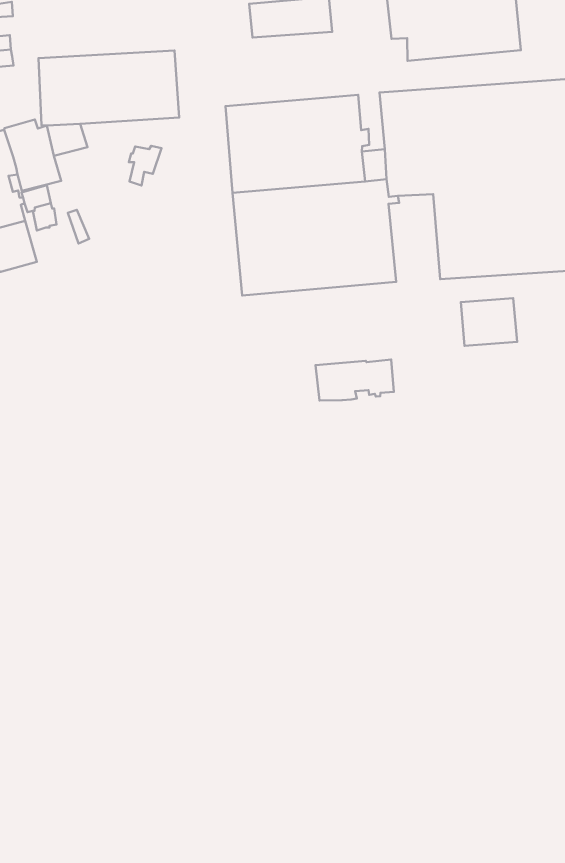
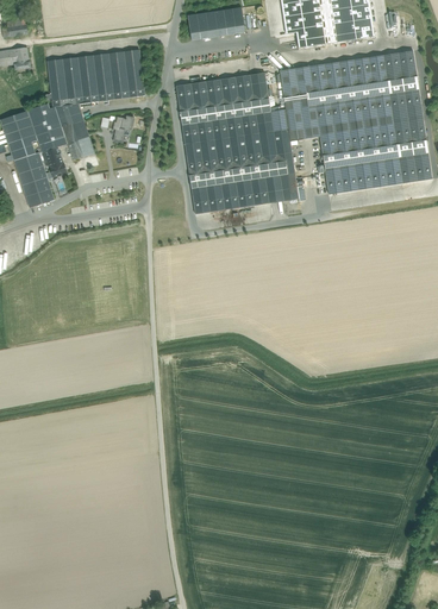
building: none -> [61,119,94,159]
building: [461,298,517,346] -> none
building: [316,359,394,401] -> none

